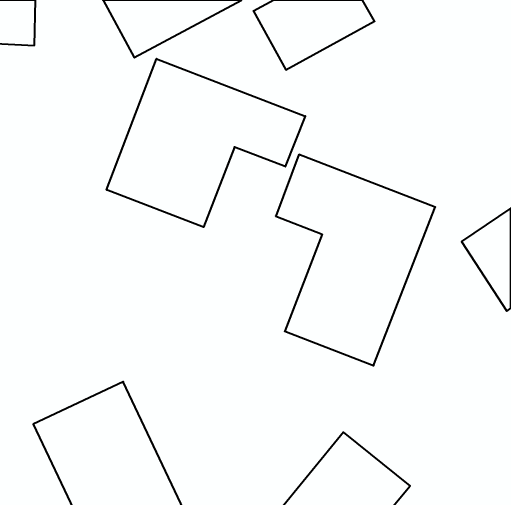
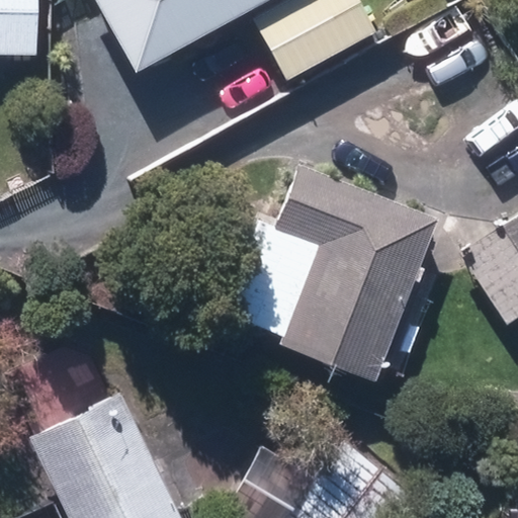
building: [107,59,305,227] -> none

